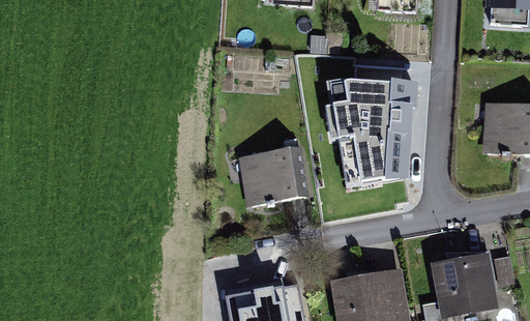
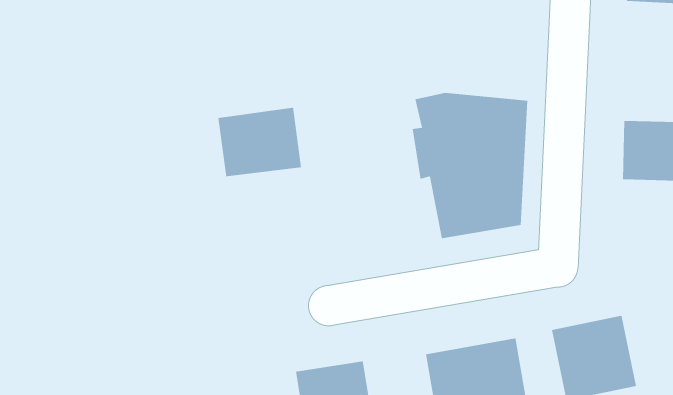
building: [242,145,307,199] -> [217,107,302,177]

